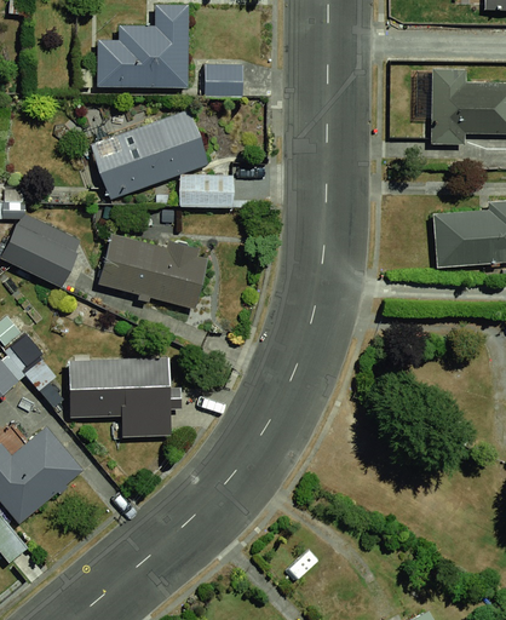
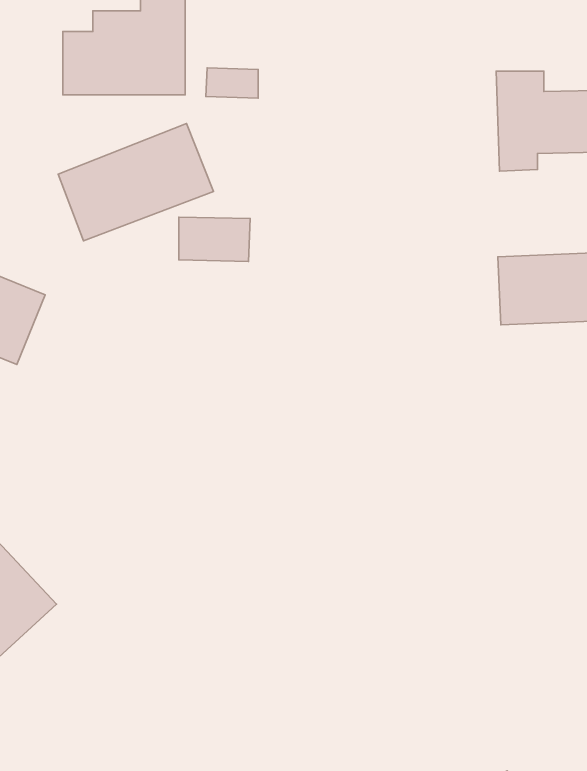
building: [99,234,212,311] -> none
building: [69,361,169,426] -> none

